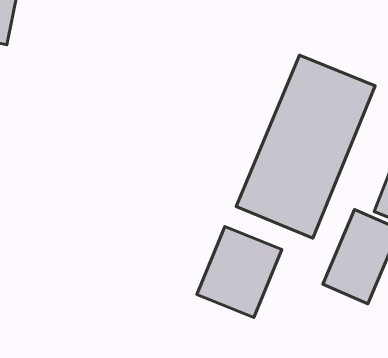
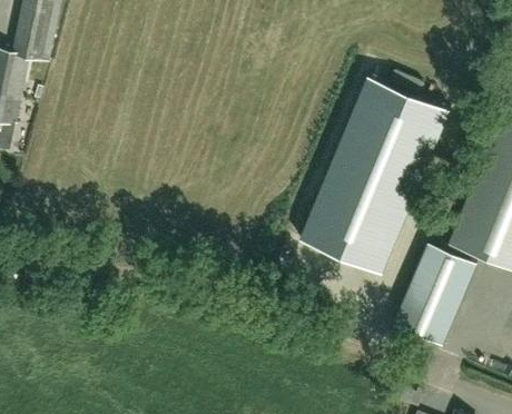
building: [197,226,282,318] -> none

